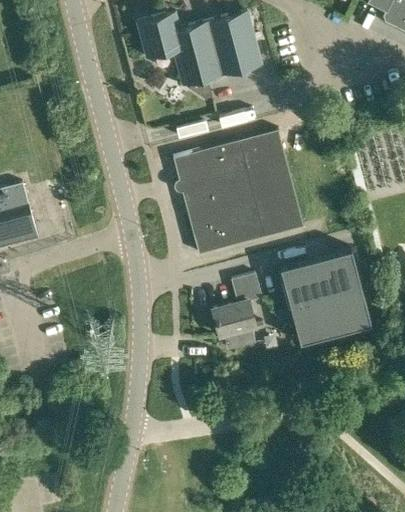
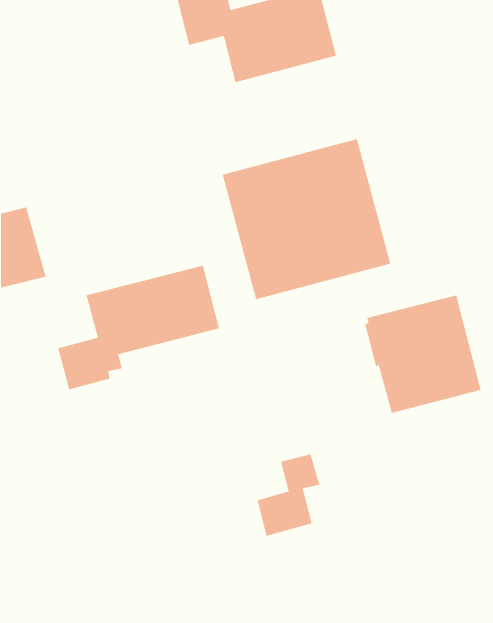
building: none -> [57,265,220,390]
building: [213,273,262,337] -> [257,454,320,536]

